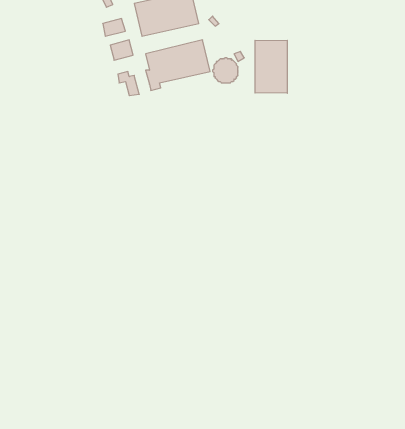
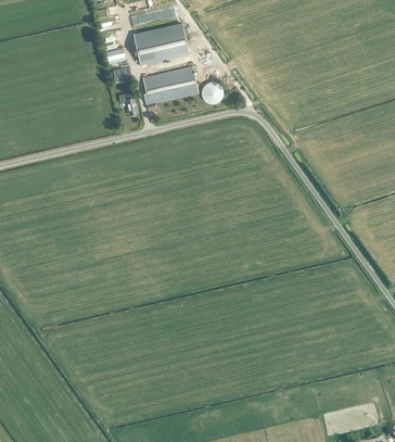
building: [255,40,287,93] -> none

